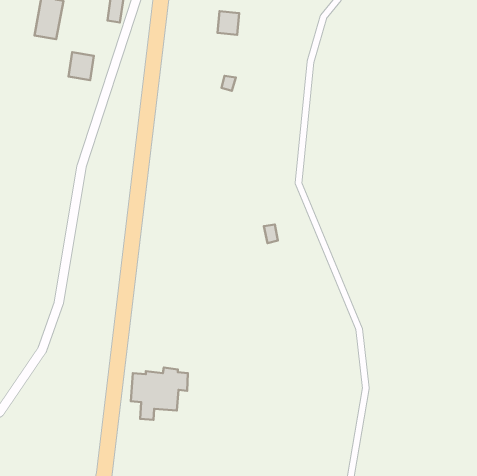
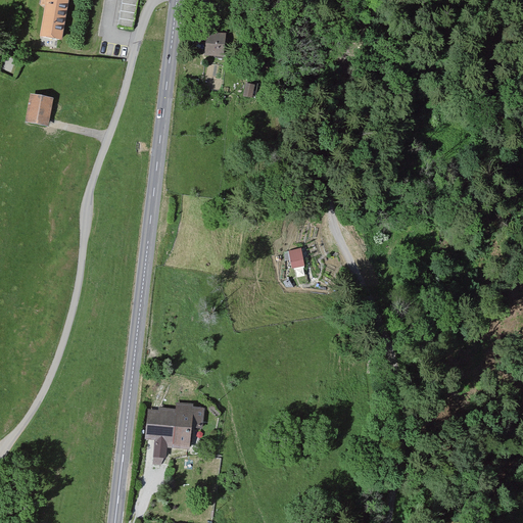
building: [218,11,239,35] -> [203,32,227,57]
building: [69,52,94,80] -> [26,93,53,124]

